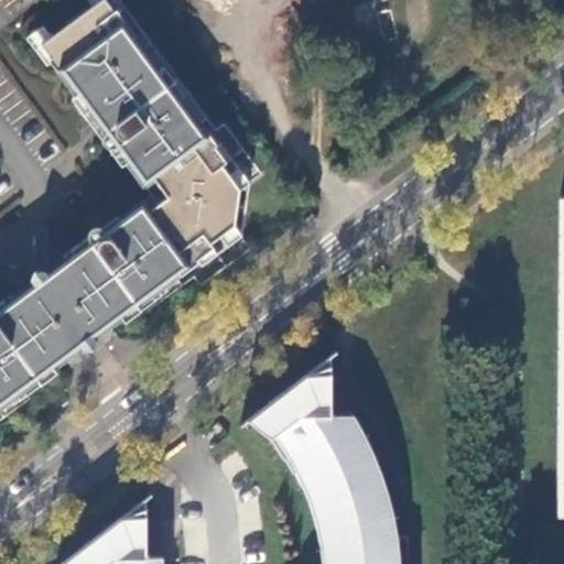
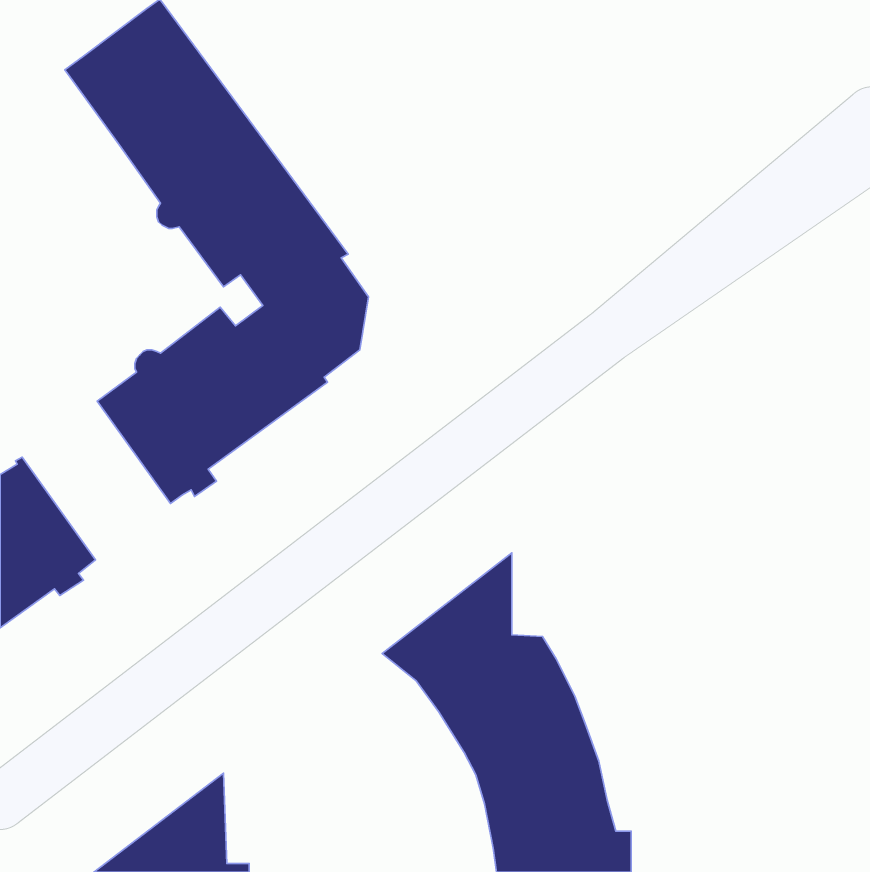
building: [15,259,111,361] -> none

